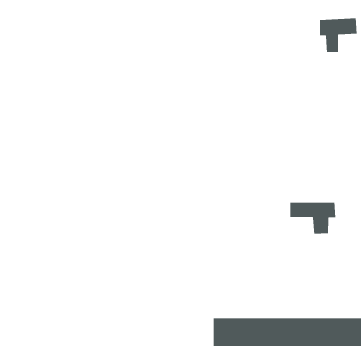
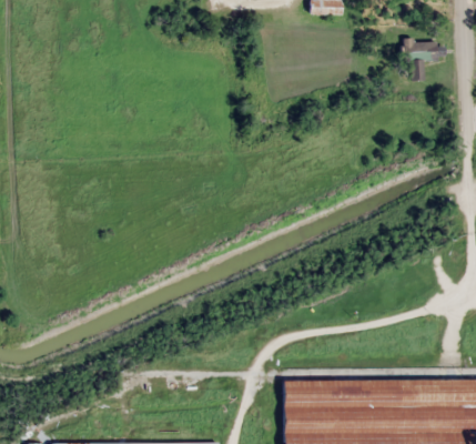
building: [289,202,336,235] -> none

